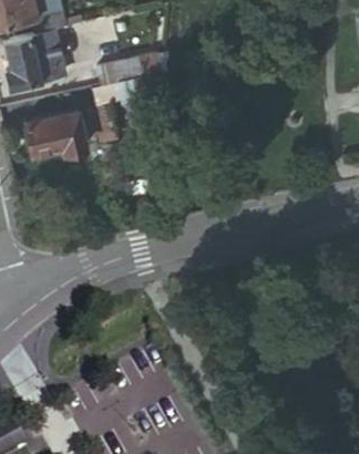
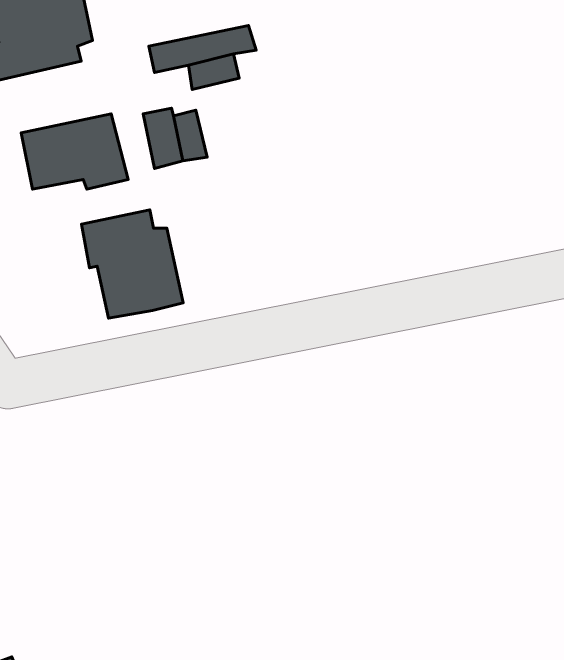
building: none -> [82,210,183,318]

